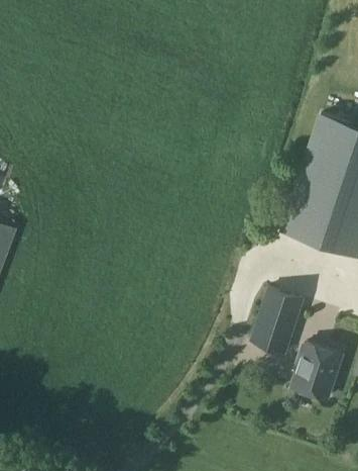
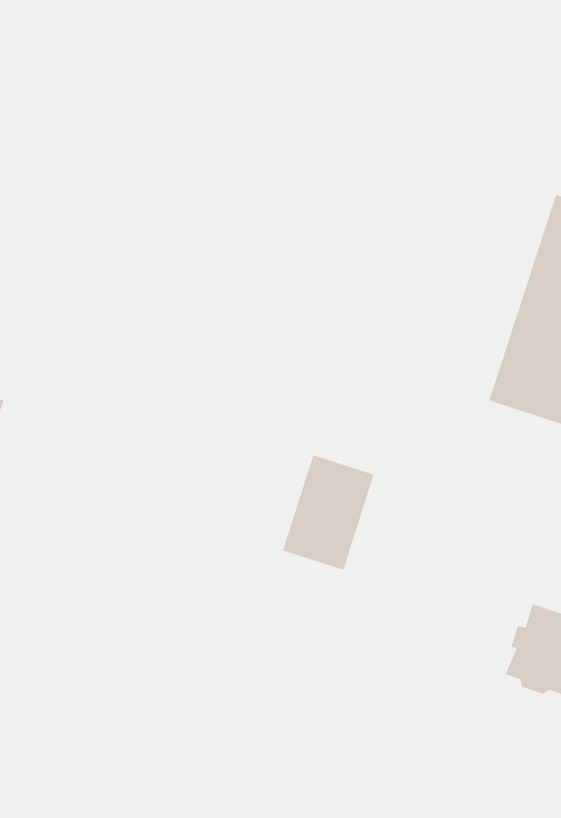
building: [253,289,305,354] -> [282,455,375,571]

